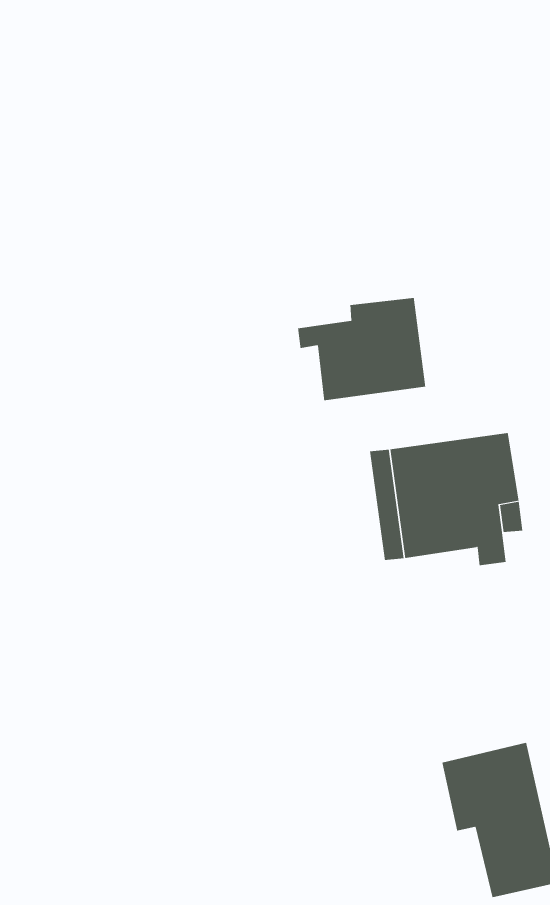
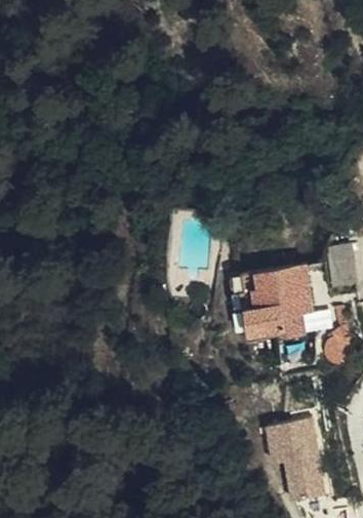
building: [297,297,426,401] -> none

